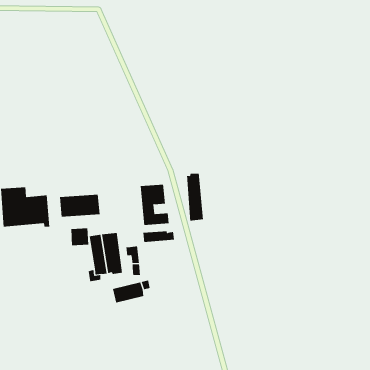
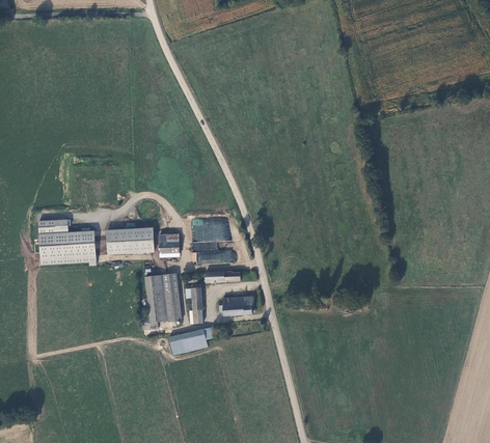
building: [187,173,203,221] -> none
building: [70,228,89,246] -> [156,231,178,252]
building: none -> [220,295,253,314]

